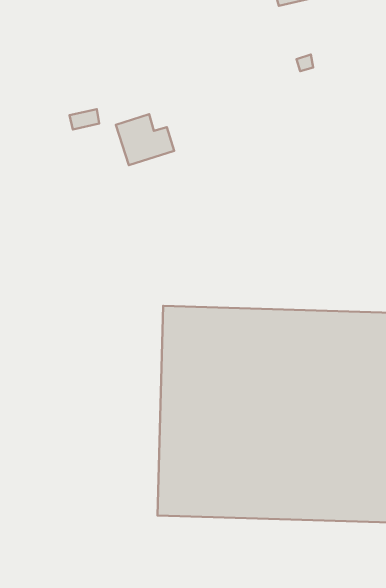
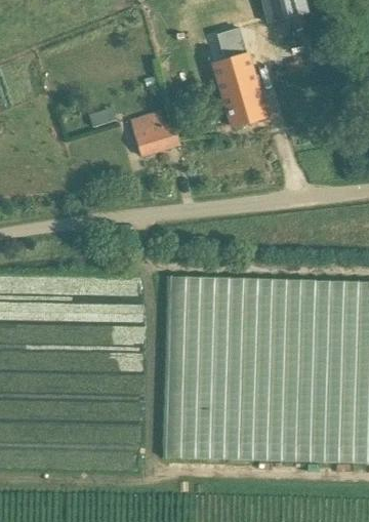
building: none -> [214,26,266,126]

